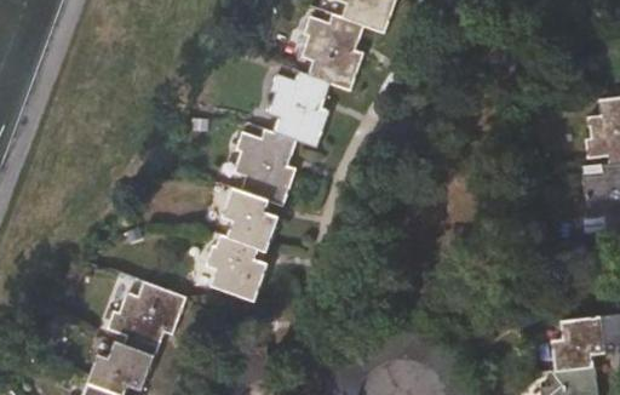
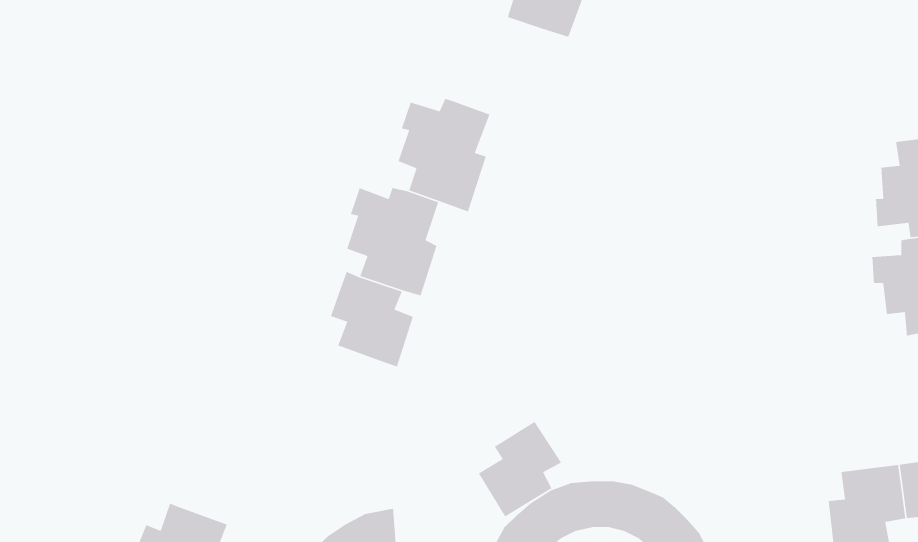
building: [302,15,362,88] -> none
building: [207,235,269,299] -> none
building: [108,281,185,355] -> none
building: none -> [478,421,562,517]

